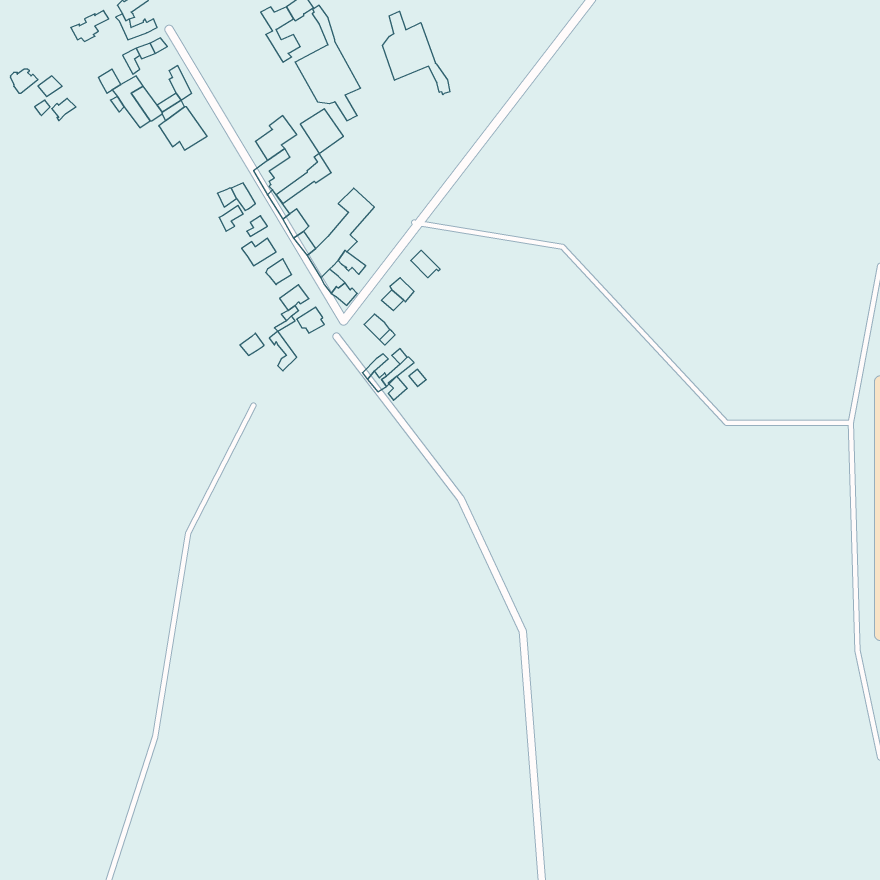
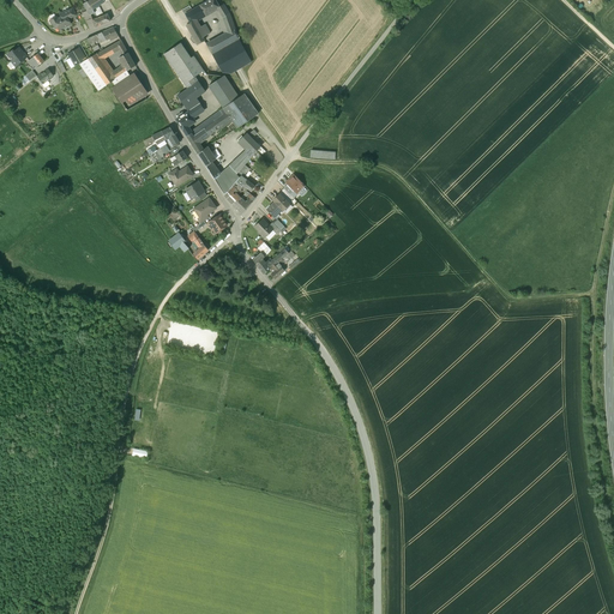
building: [382,11,450,95] -> none
building: none -> [164,42,203,88]
building: none -> [222,92,257,127]

